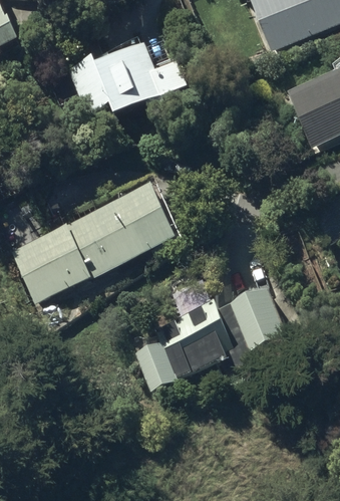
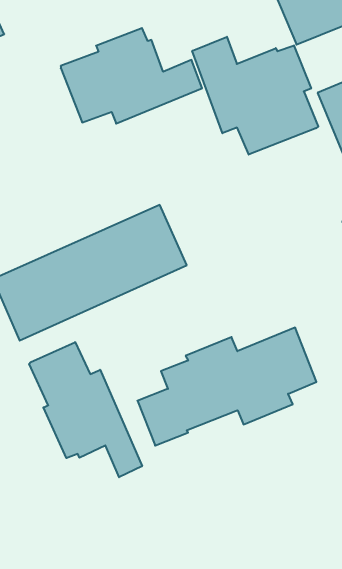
building: none -> [192,37,318,155]
building: none -> [29,342,142,477]

